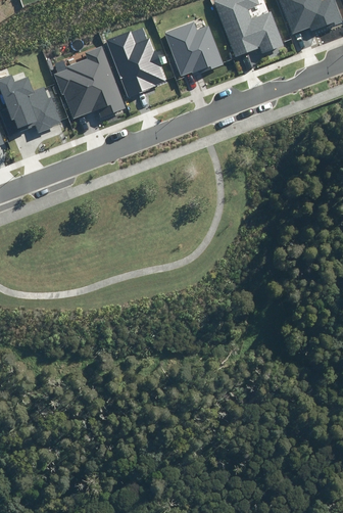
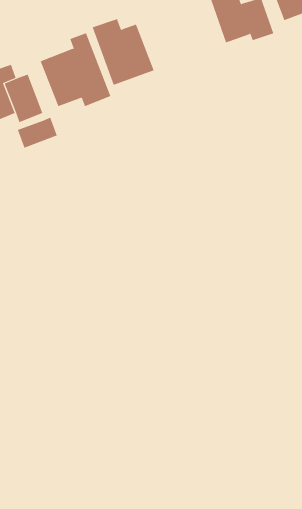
building: [163,20,223,79] -> none
building: none -> [17,117,57,148]

